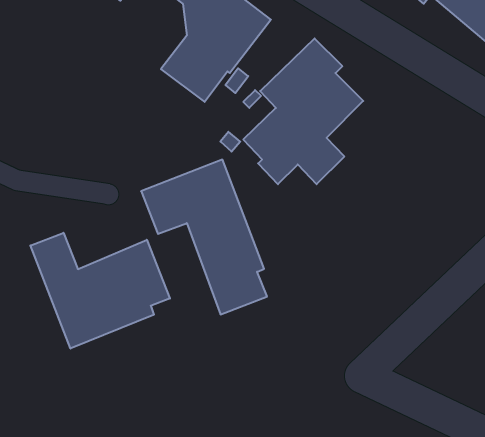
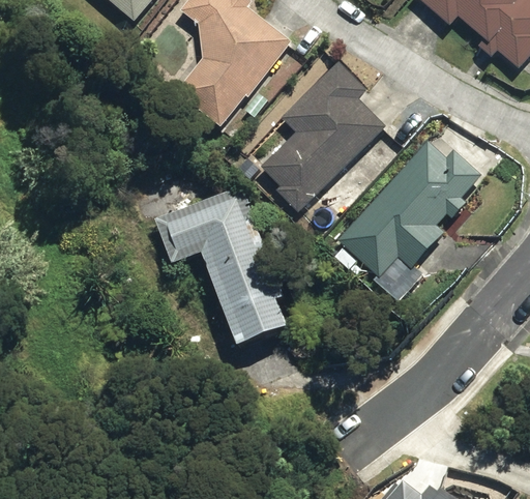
building: none -> [338,141,481,277]
building: [30,233,170,349] -> none

